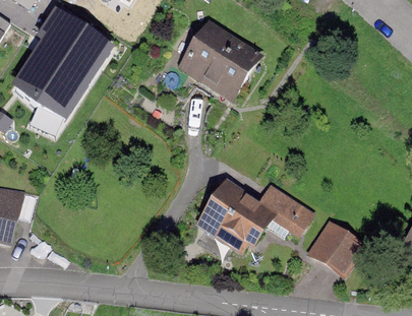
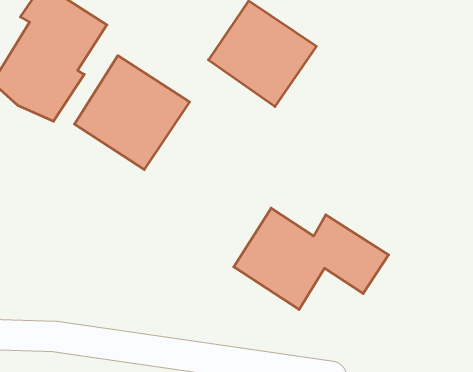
building: none -> [74,56,190,170]
building: [307,220,366,277] -> none

